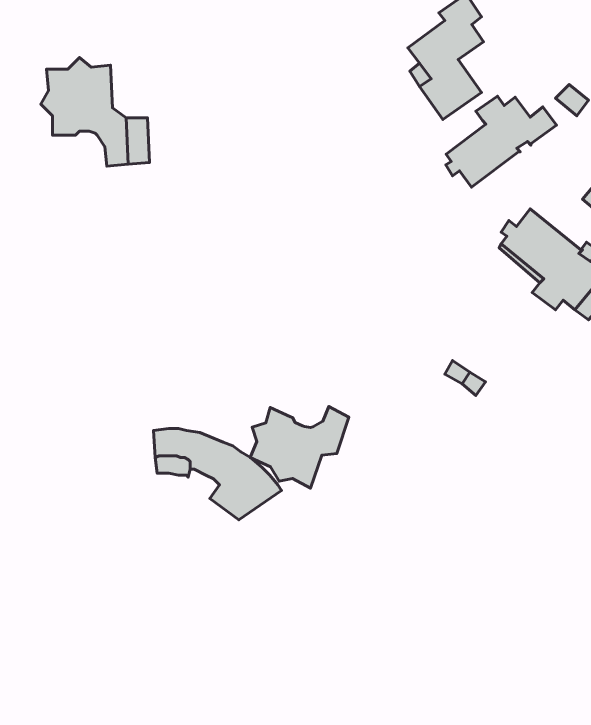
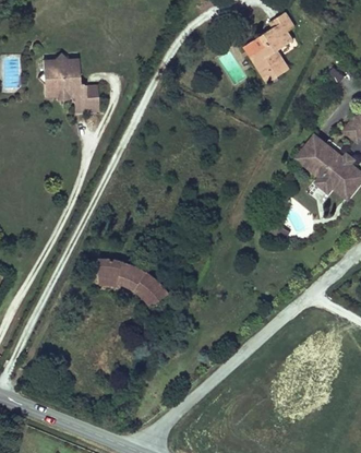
building: [446,96,556,187] -> none
building: [250,406,349,488] -> none

